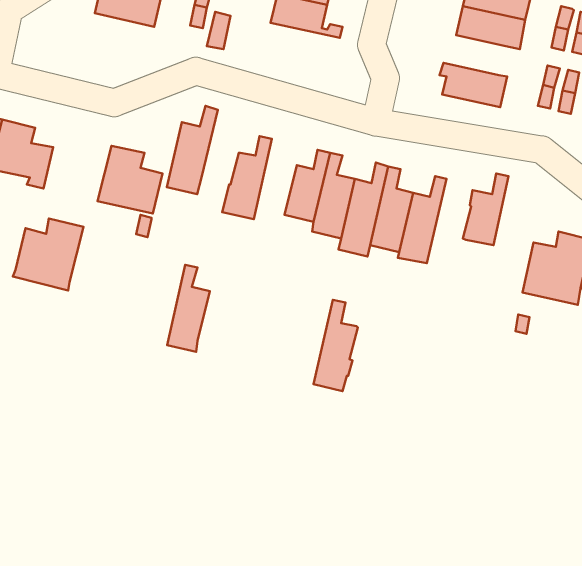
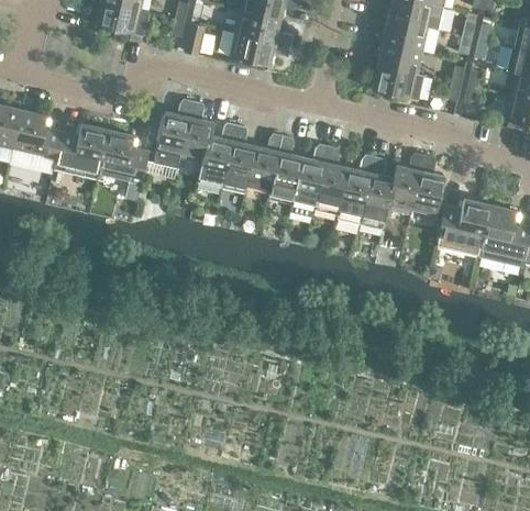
building: none -> [230,32,290,65]
building: none -> [373,42,422,74]
building: none -> [180,101,213,160]
building: none -> [412,154,445,214]
building: [13,219,83,290] -> [53,123,109,180]
building: [167,265,210,352] -> [222,124,256,193]
building: [314,300,358,391] -> [360,156,395,229]

